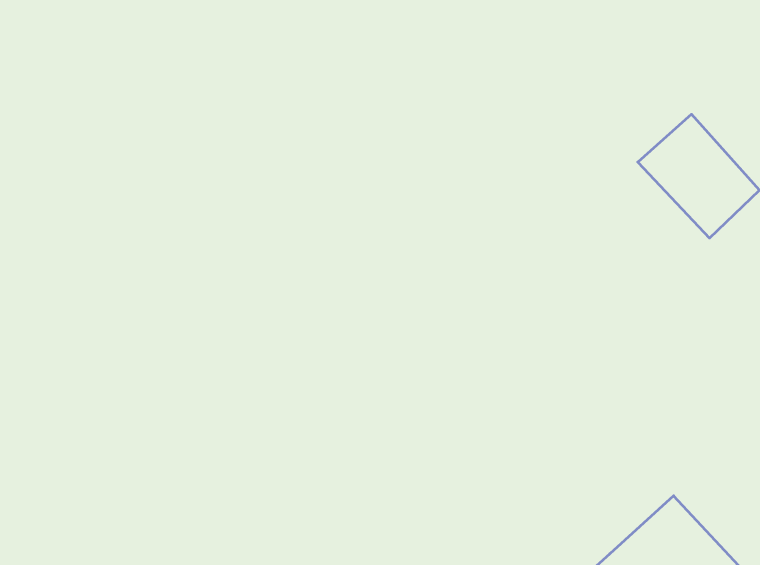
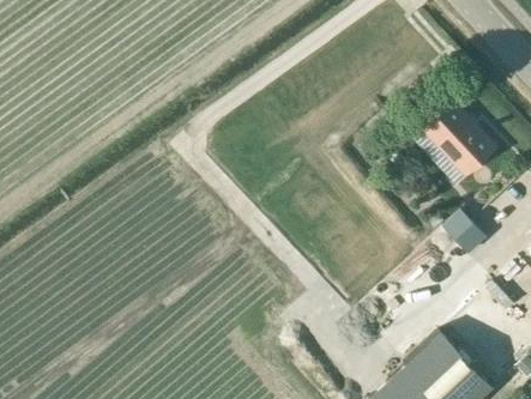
building: none -> [445,211,488,255]

